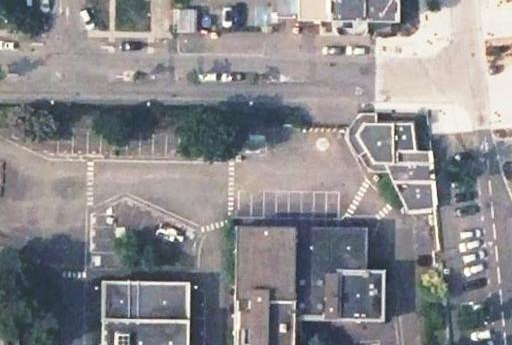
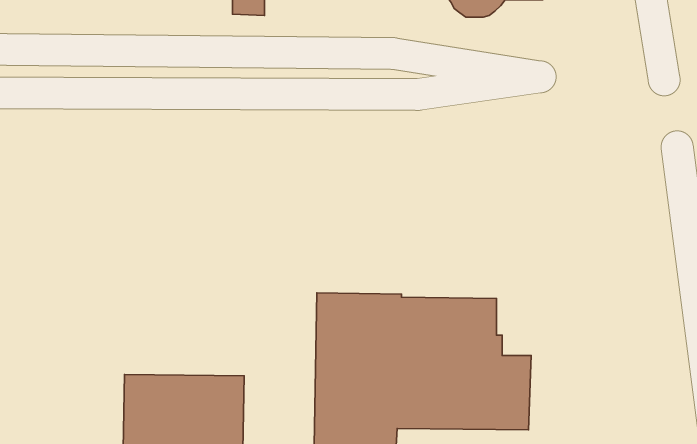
building: [358,121,440,206] -> none

